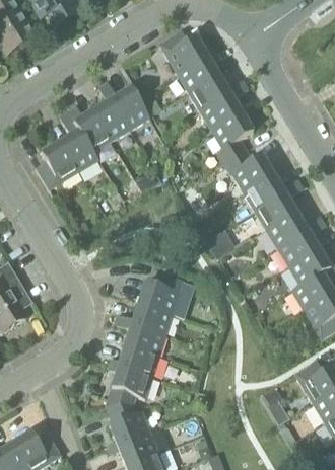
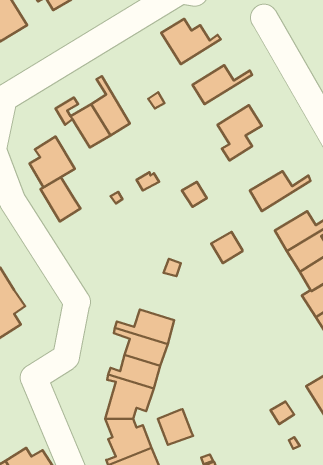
building: [178,50,218,92] -> none
building: [104,81,149,129] -> none
building: [200,83,248,130] -> none
building: [60,130,97,171] -> [40,177,80,222]
building: [223,150,273,191] -> none
building: [254,182,303,229] -> none
building: [139,272,182,313] -> none
building: none -> [158,409,193,445]

